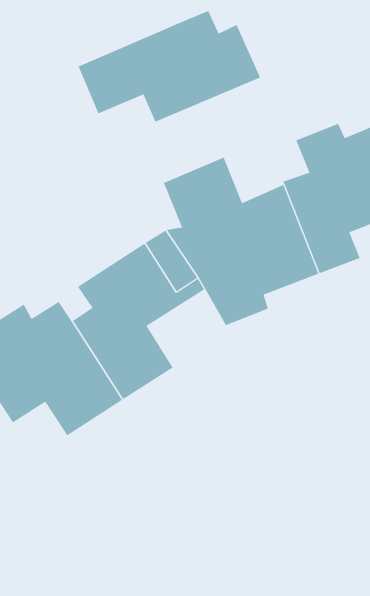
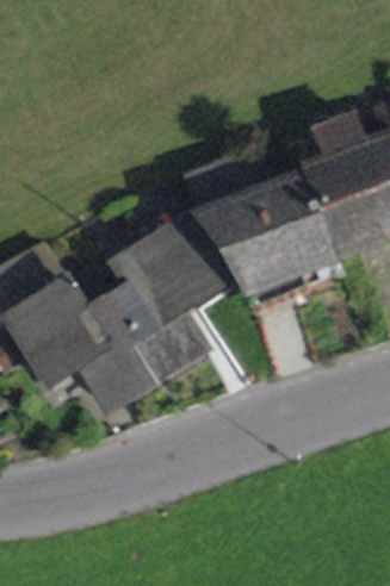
building: [78,10,261,123] -> none

